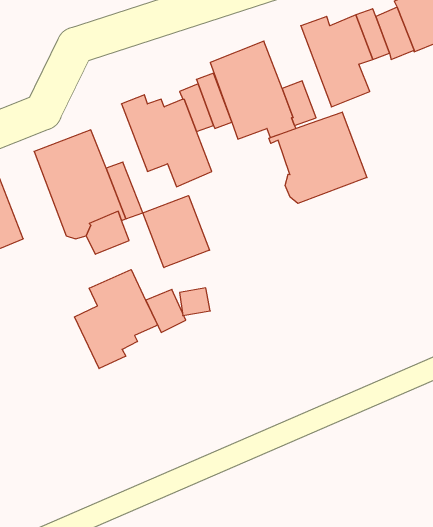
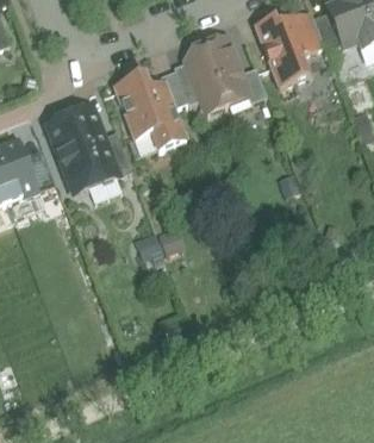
building: [269,112,367,203] -> none
building: [143,196,210,268] -> none
building: [74,270,158,369] -> none

